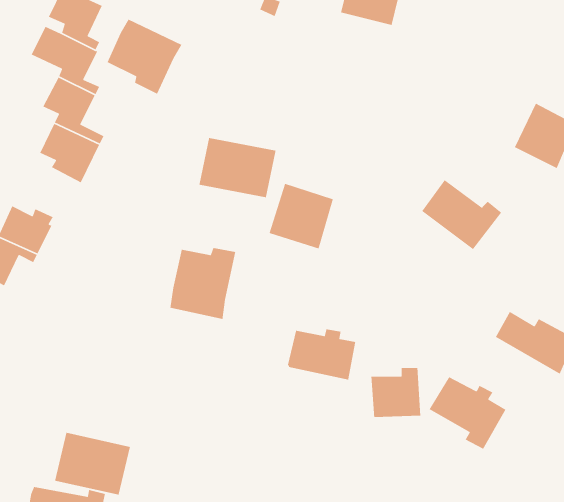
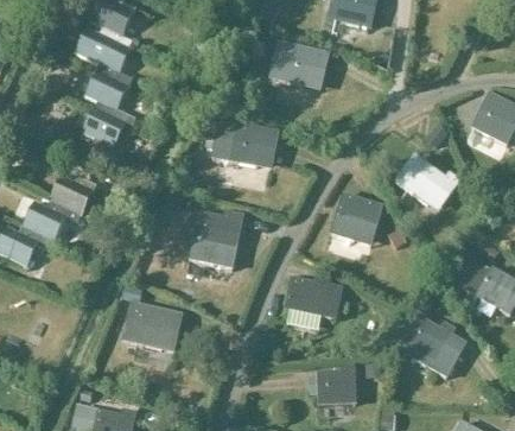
building: [106,19,182,95] -> none
building: none -> [268,39,330,90]
building: [269,183,334,249] -> [330,191,383,246]
building: [371,367,421,418] -> [316,363,357,405]
building: [54,432,131,496] -> [121,300,184,353]

